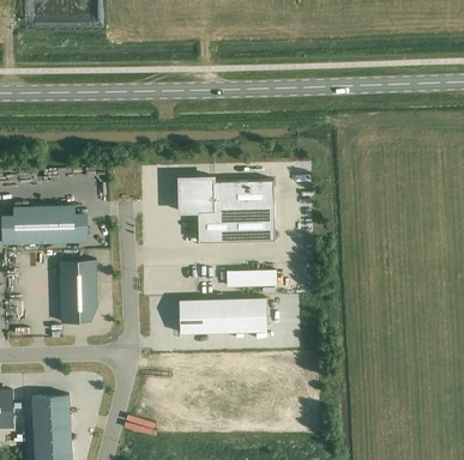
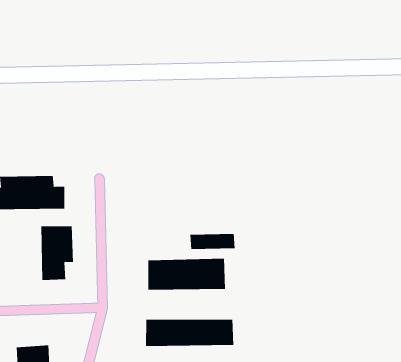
building: [177,176,273,242] -> none
building: none -> [146,319,234,347]

